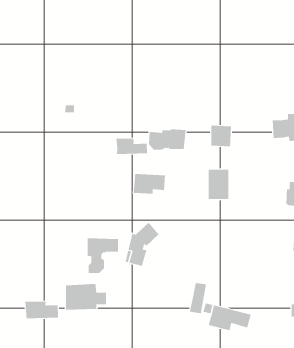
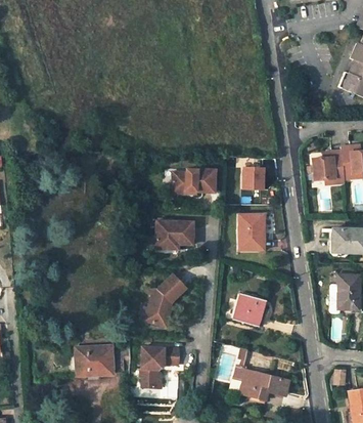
building: [116,138,148,155] -> none
building: none -> [235,293,267,326]
building: [87,238,119,274] -> [142,346,179,387]
building: [25,301,58,319] -> none

